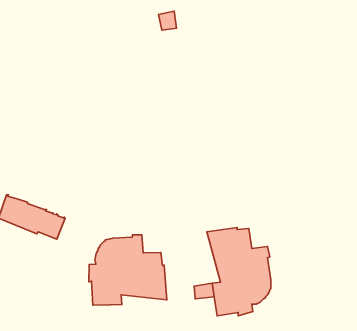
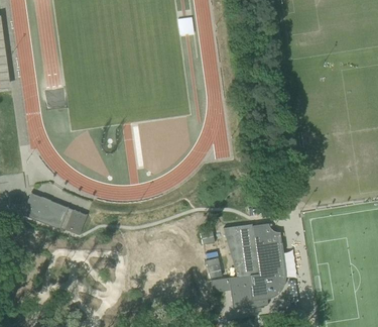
building: [89,235,167,305] -> none

